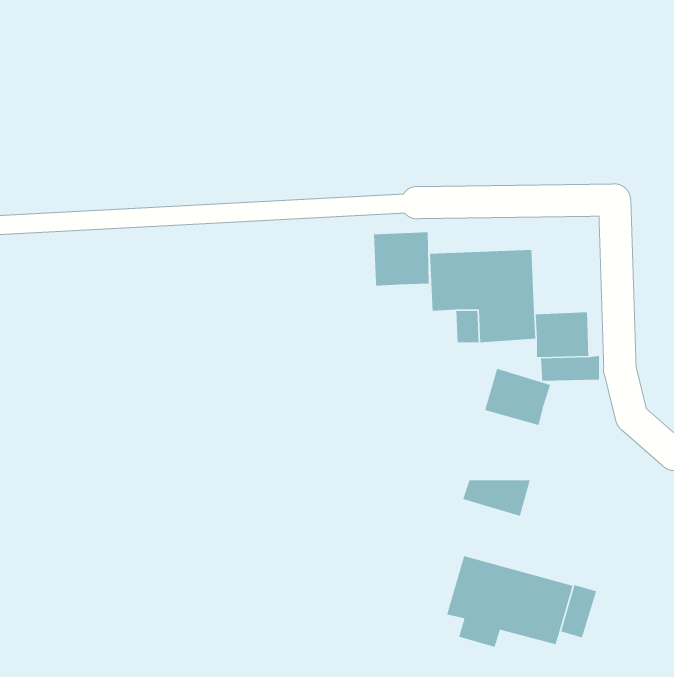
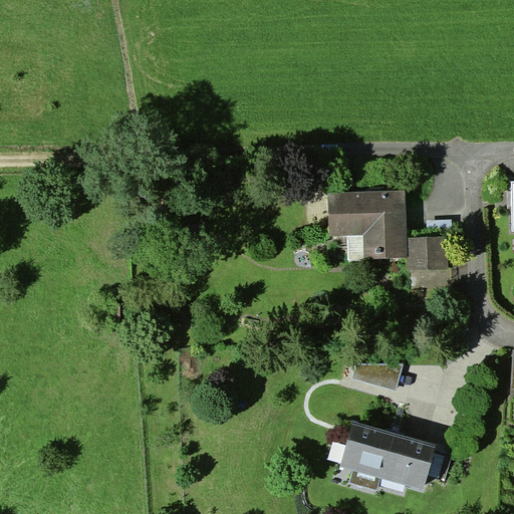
building: [373,231,430,287] -> none
building: [484,368,551,426] -> none

